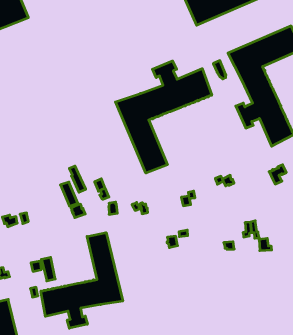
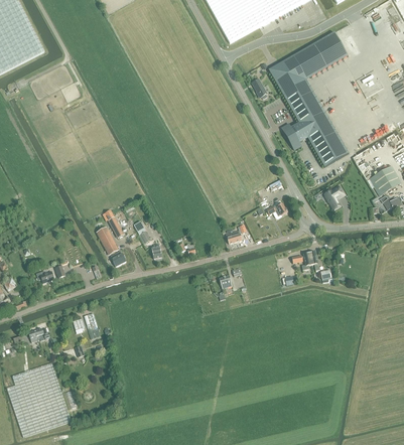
building: [115,61,212,173] -> none
building: [41,233,123,328] -> none

